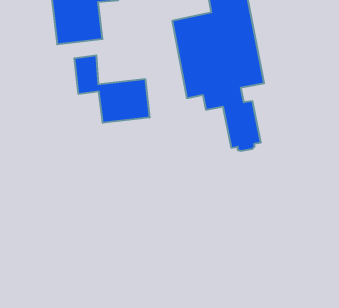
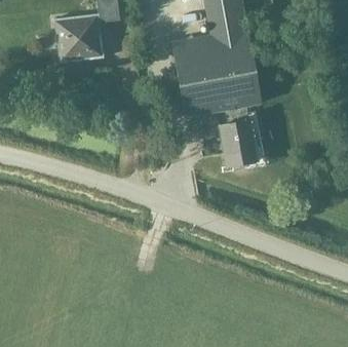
building: [75,55,150,123] -> none

